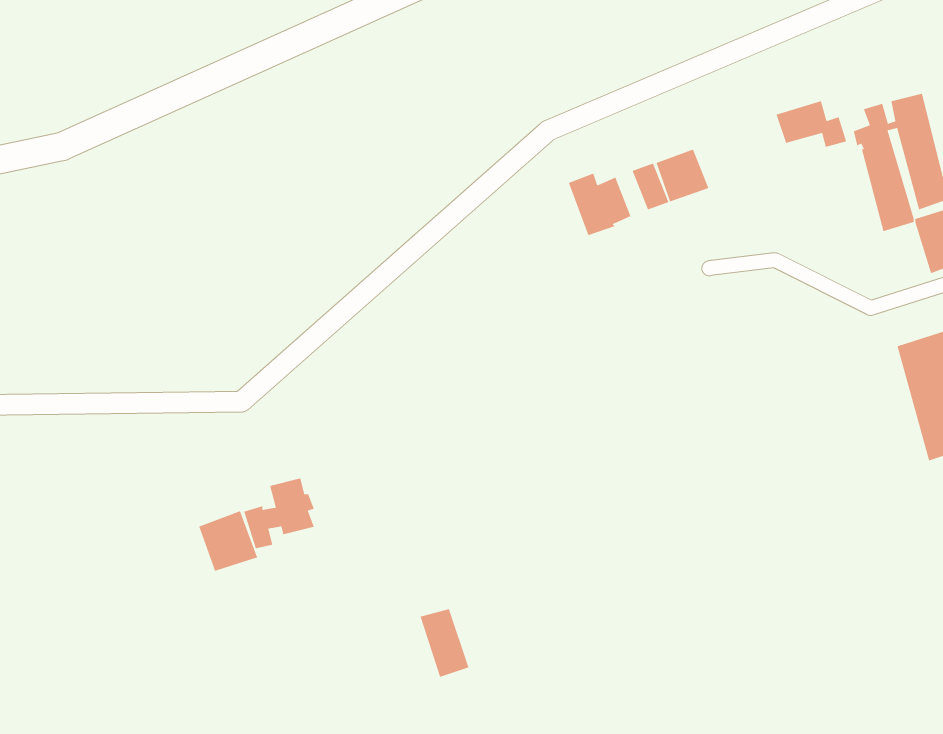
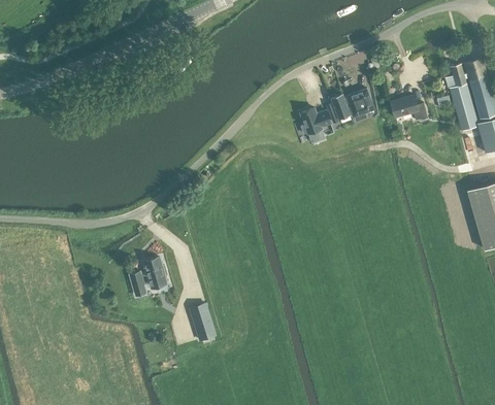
building: [776,100,847,148] -> [390,96,427,121]
building: [198,510,258,572] -> none
building: [420,608,469,678] -> [190,305,216,341]

